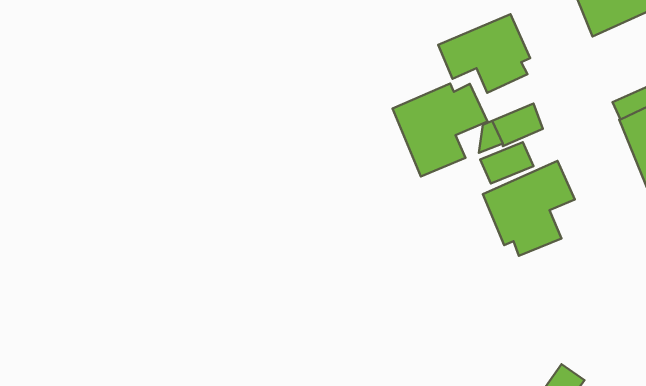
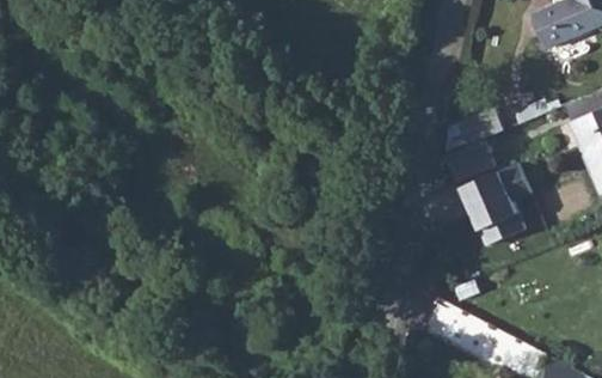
building: [438,14,530,93] -> none
building: [393,83,487,177] -> none

